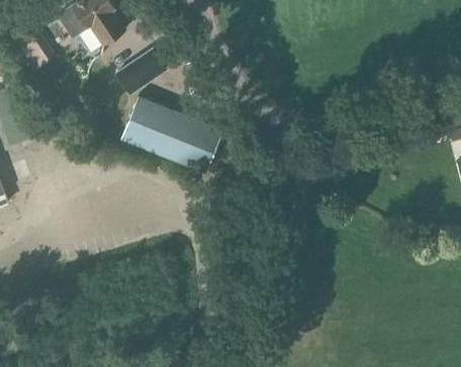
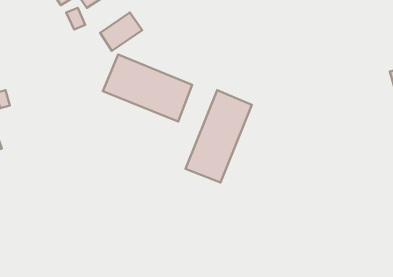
building: none -> [185,90,252,183]

